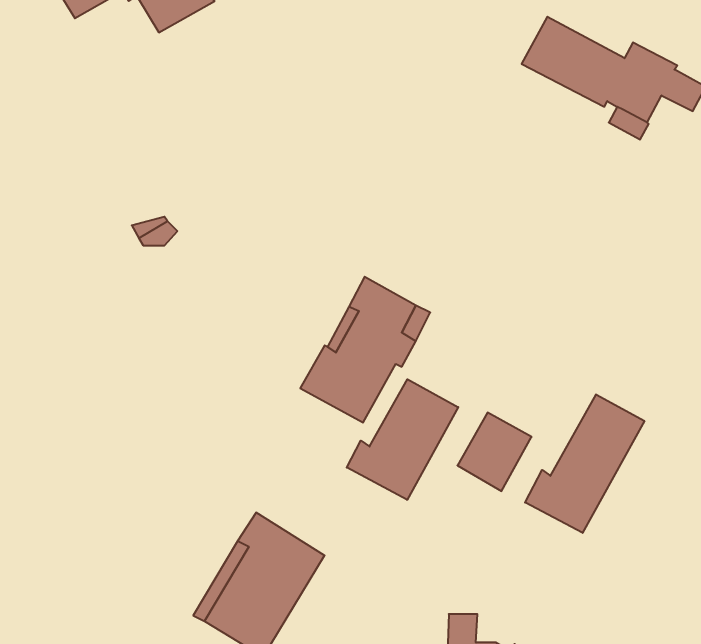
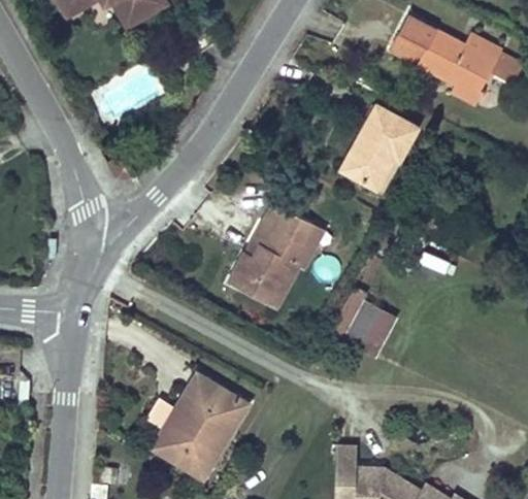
building: none -> [341,104,416,195]
building: [347,379,458,500] -> none
building: [525,394,644,533] -> none

